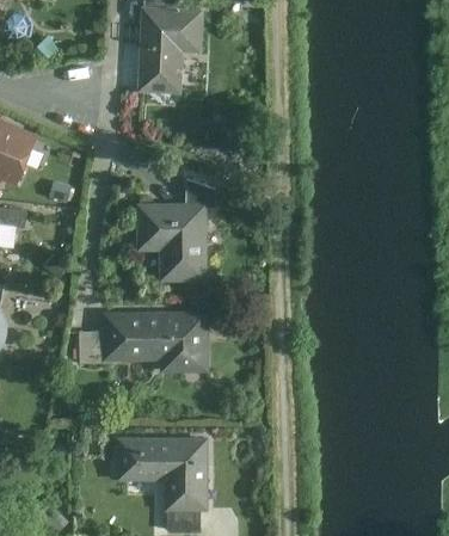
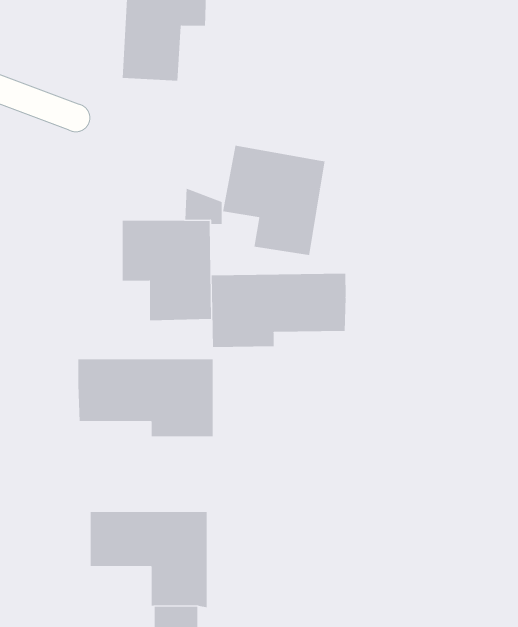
building: none -> [223,145,325,256]
building: none -> [211,273,346,348]
building: [78,333,103,364] -> none

